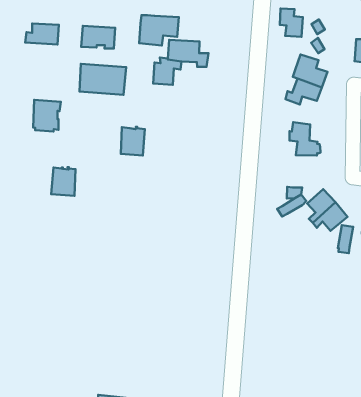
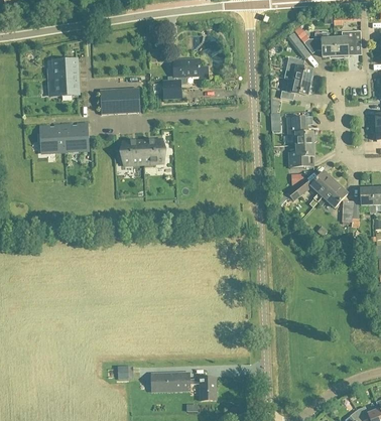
building: [280,9,303,37] -> [314,32,336,56]
building: [139,15,179,45] -> none
building: [81,26,115,48] -> [49,76,79,96]
building: none -> [41,126,66,151]
building: none -> [289,143,313,166]
building: [51,167,76,196] -> [123,139,144,164]

